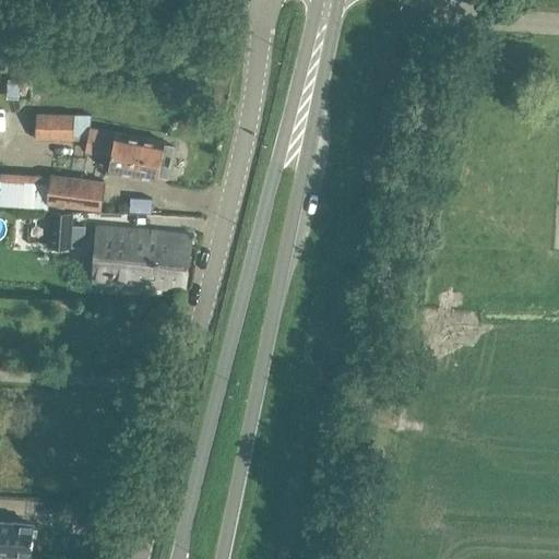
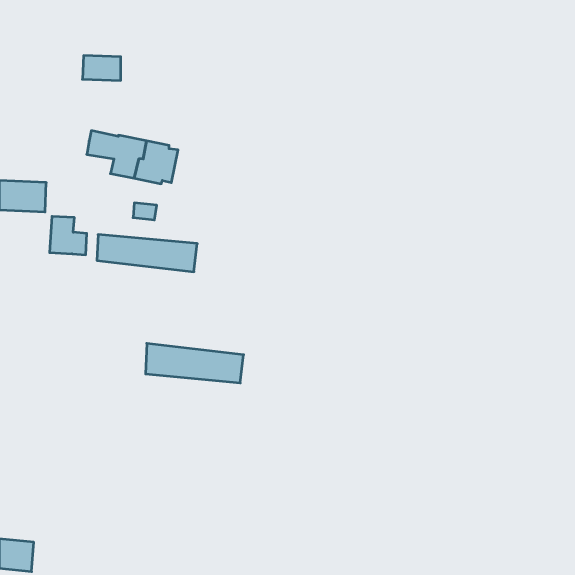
building: [35,114,72,138] -> [82,56,121,80]
building: [47,176,103,210] -> none
building: [93,253,188,292] -> [146,343,244,383]

